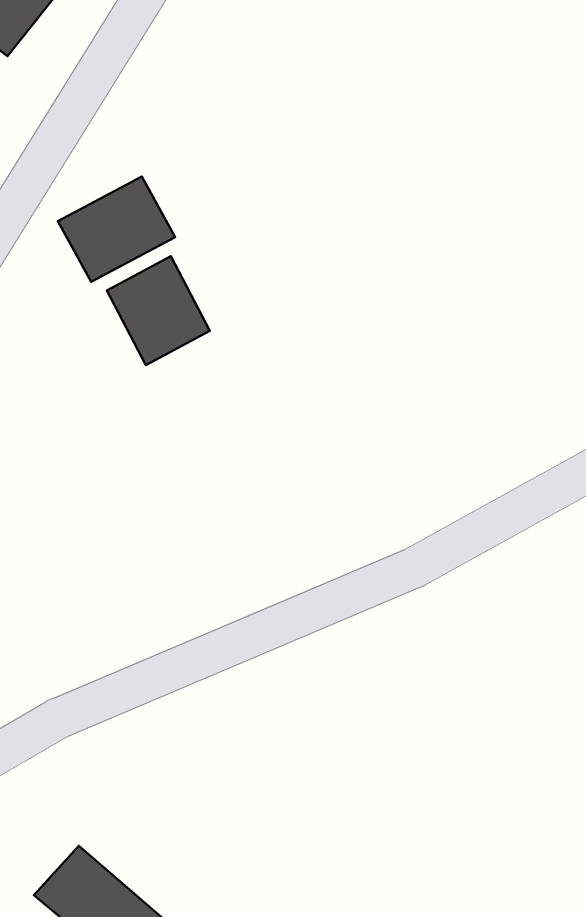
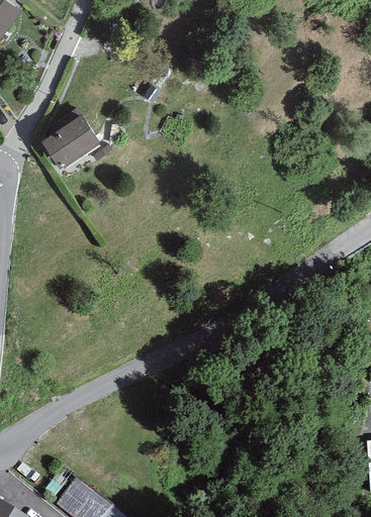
building: [107,256,210,365] -> none

